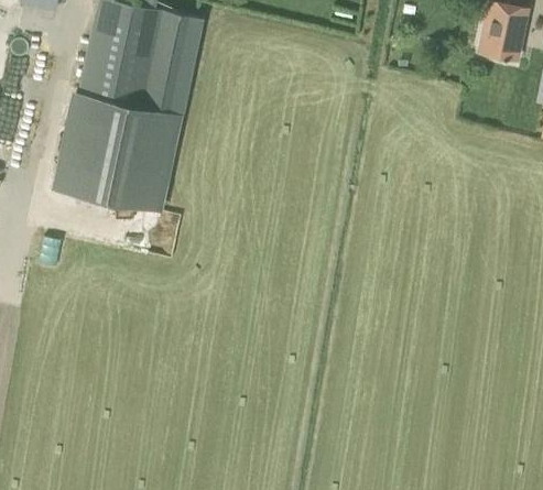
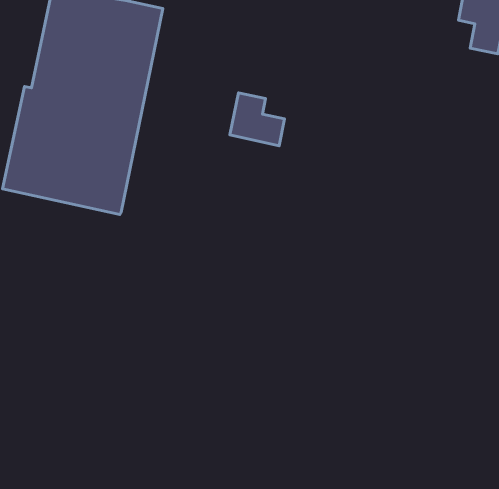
building: none -> [230,93,285,146]

